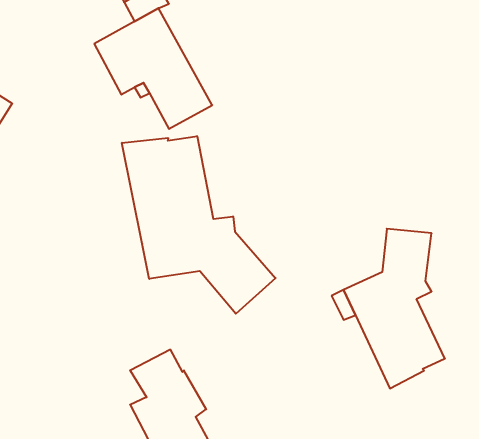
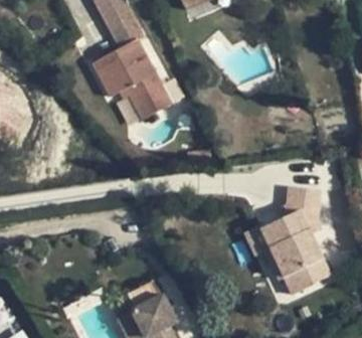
building: [122,136,276,314] -> none

